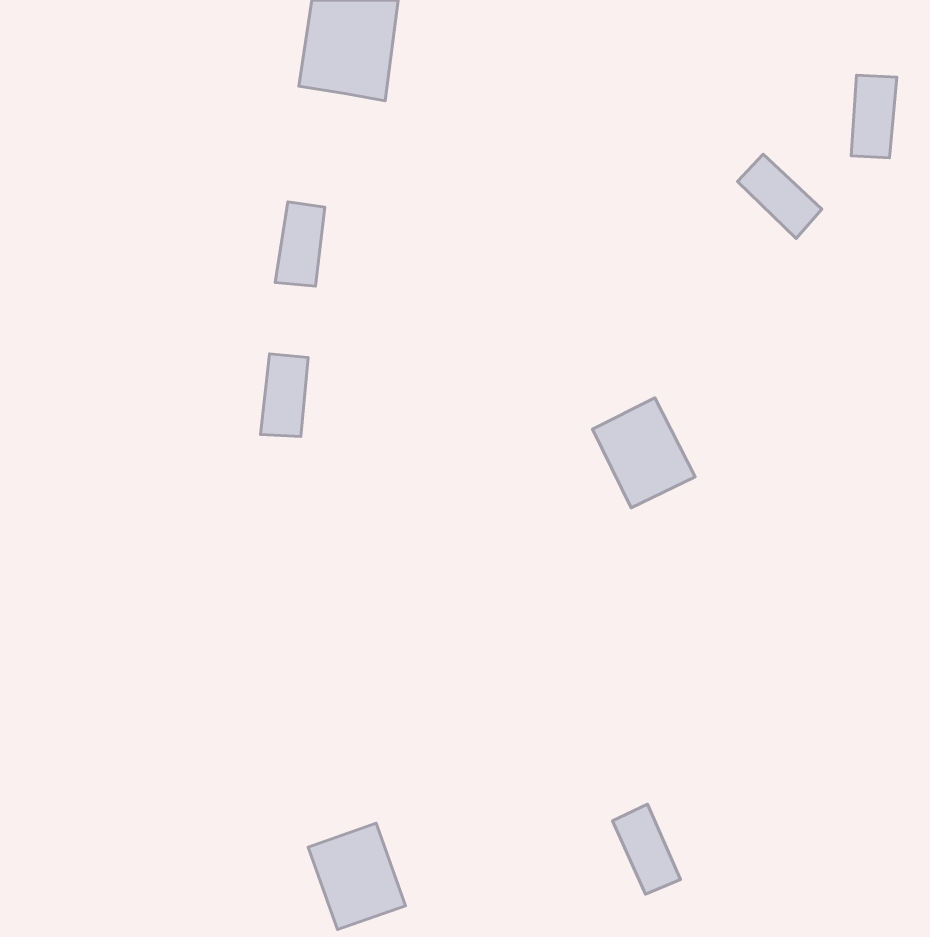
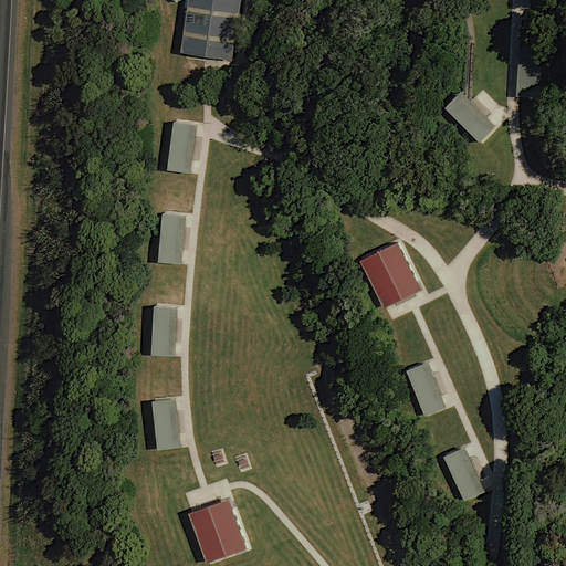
building: none -> [151,306,178,356]
building: none -> [403,359,443,413]
building: none -> [151,399,180,450]
building: [613,804,680,894] -> [441,444,482,499]

